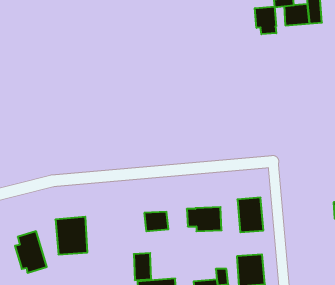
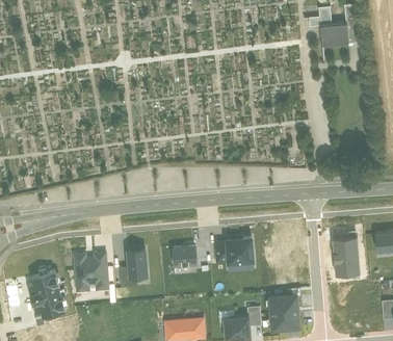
building: [255,7,276,34] -> none
building: [237,198,263,232] -> [332,237,360,274]
building: [134,253,151,280] -> [127,251,146,280]

